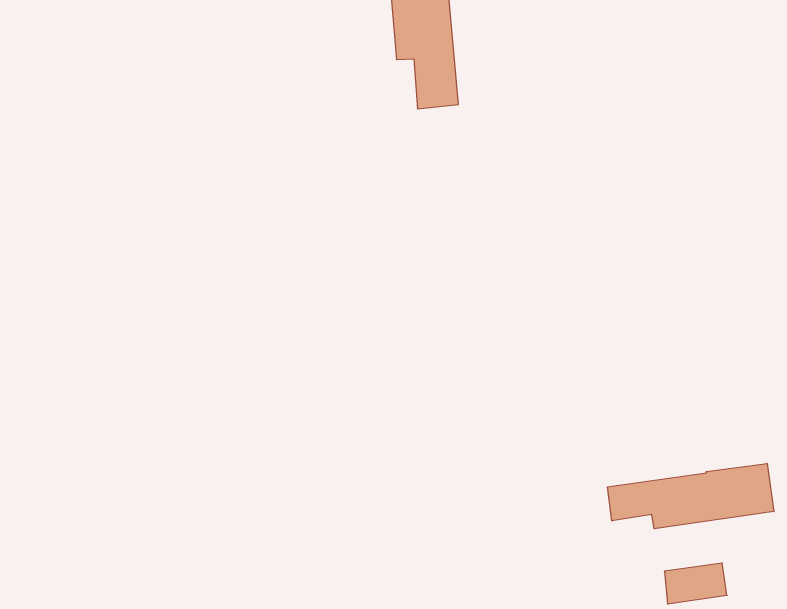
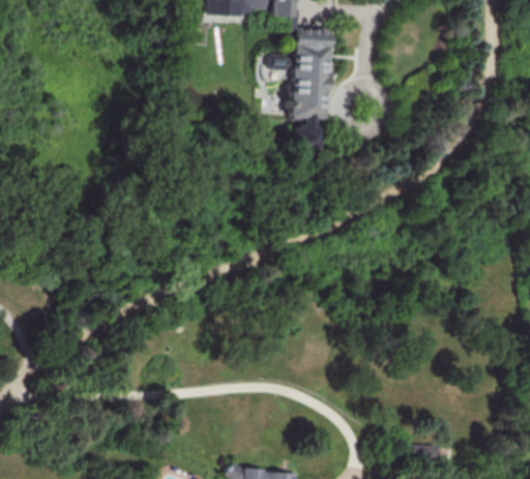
building: [607,463,774,529] -> none

